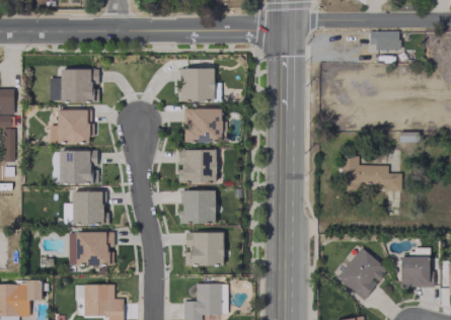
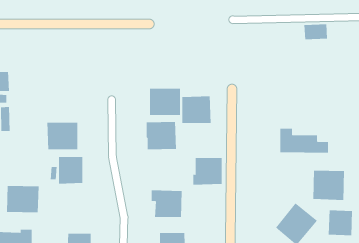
building: [178,68,215,101] -> [181,96,211,123]
building: [49,69,98,102] -> none
building: [50,109,89,143] -> none
building: [178,190,215,224] -> [192,158,222,185]
building: none -> [313,170,344,201]
building: [68,232,108,265] -> [6,185,39,213]

